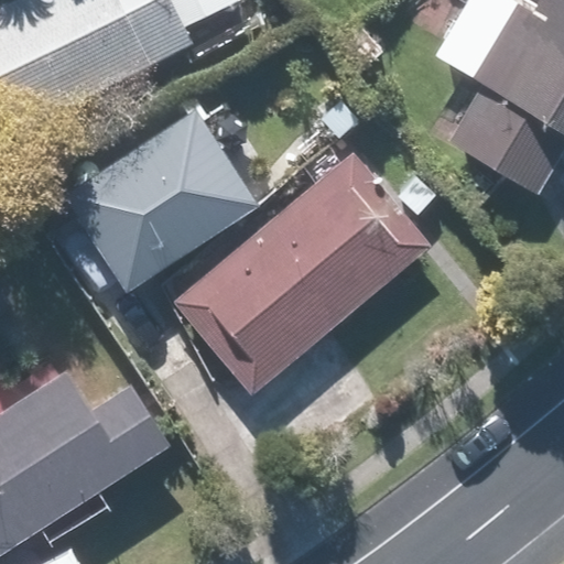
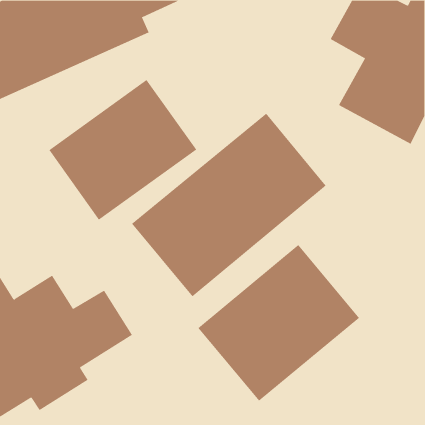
building: none -> [198,244,360,401]

